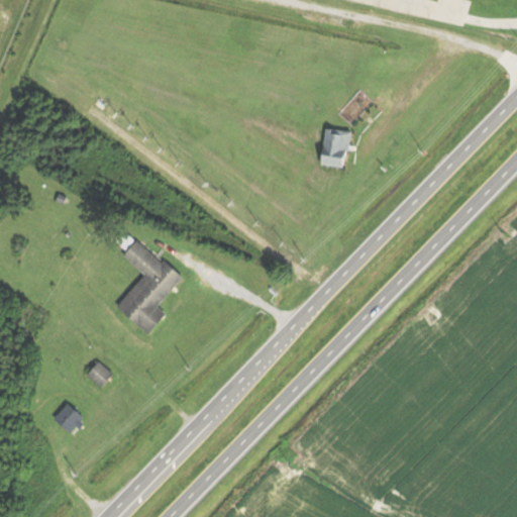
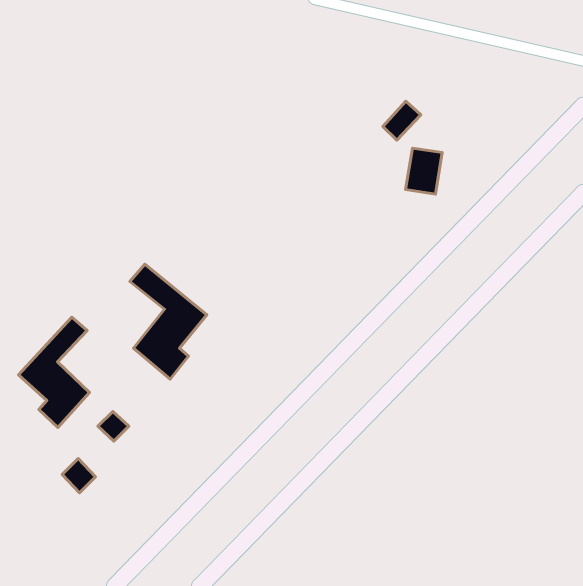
building: [319,127,351,168] -> [405,148,442,194]
building: none -> [18,317,90,428]

